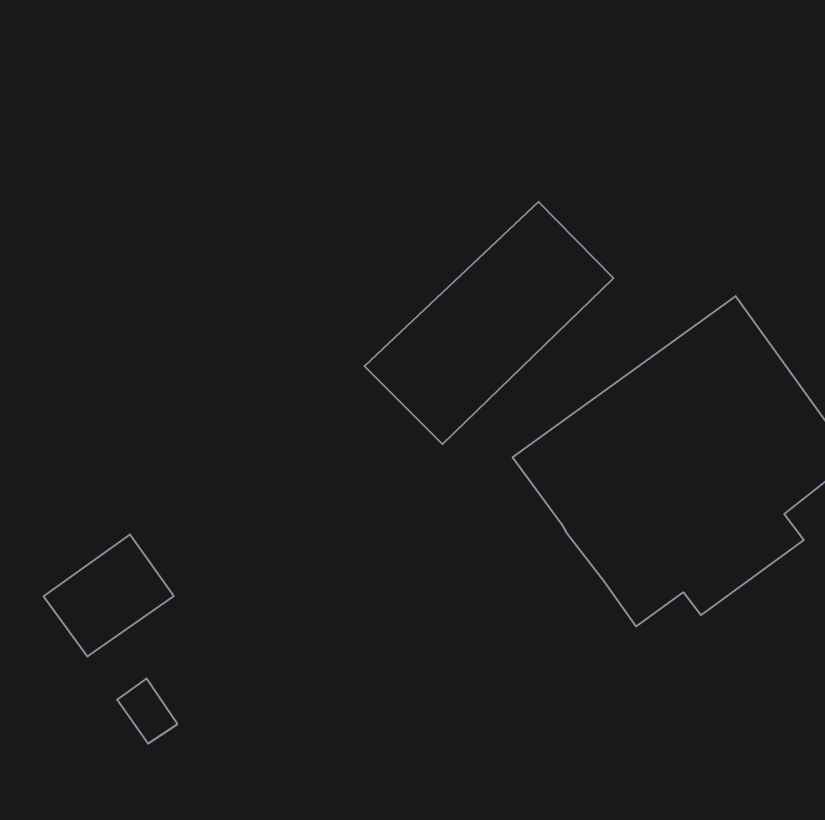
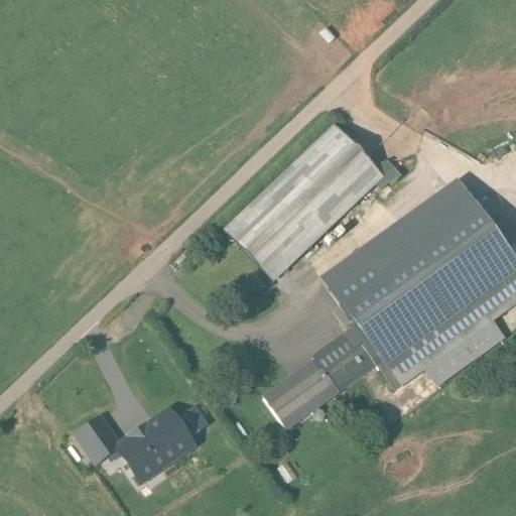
building: none -> [266,325,378,424]
building: [44,534,174,657] -> [119,408,200,484]

